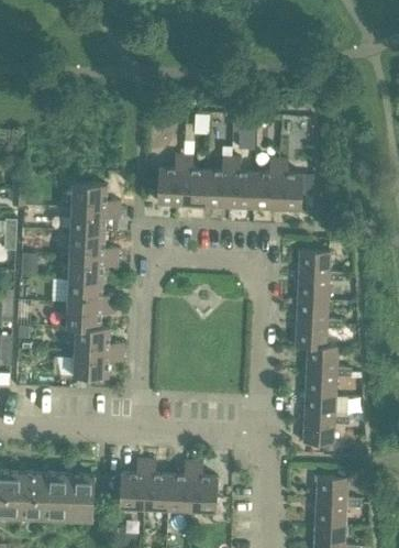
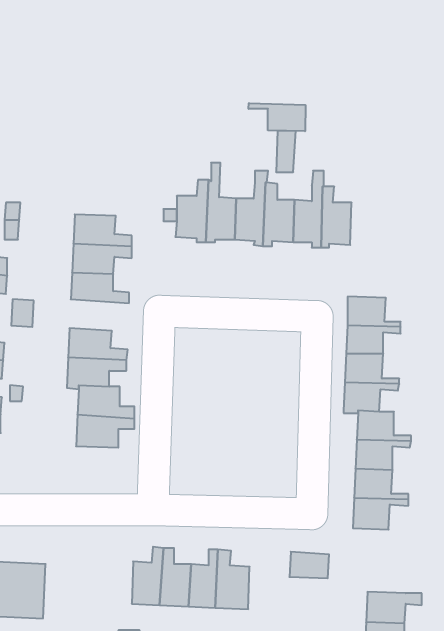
building: none -> [249,103,305,131]
building: [68,254,118,281] -> none
building: [46,474,95,522] -> none
building: [315,476,348,498] -> [289,552,329,578]

